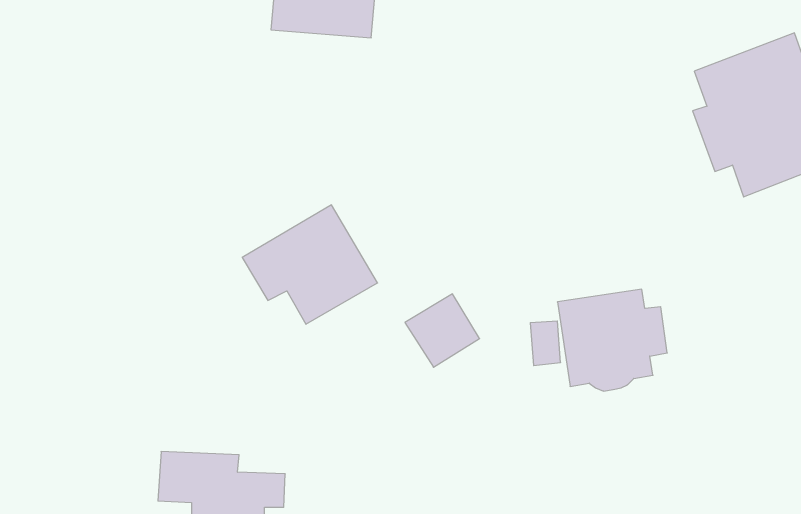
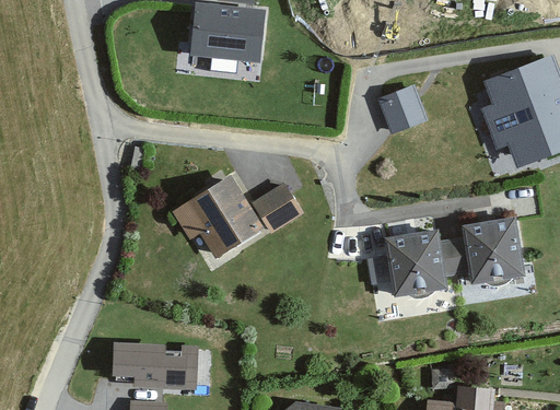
building: none -> [383,86,429,136]
building: none -> [458,221,530,289]
building: [405,294,480,367] -> [253,183,304,233]

